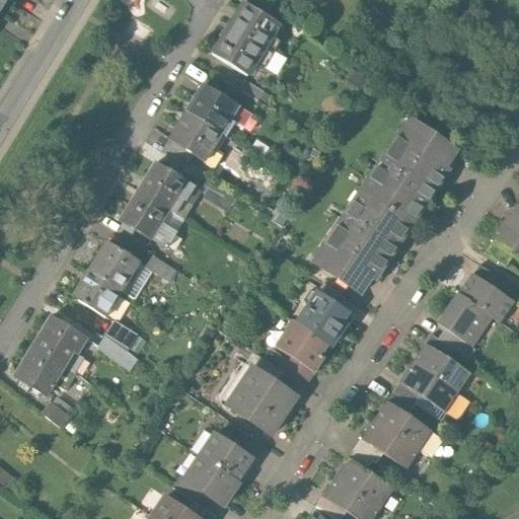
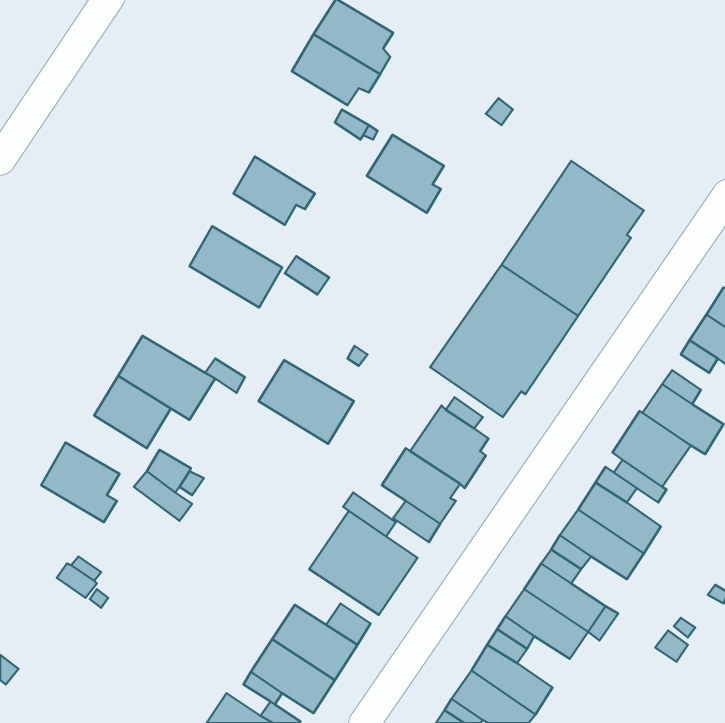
building: [183,82,238,138] -> [367,135,444,213]
building: [119,190,187,249] -> [259,360,354,444]
building: [13,346,76,395] -> none

